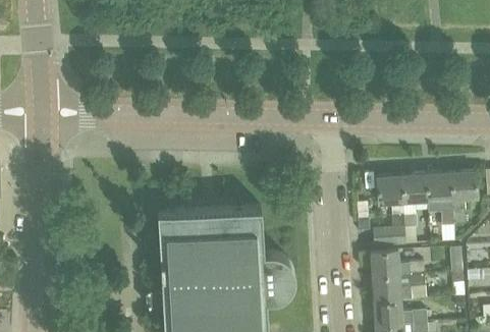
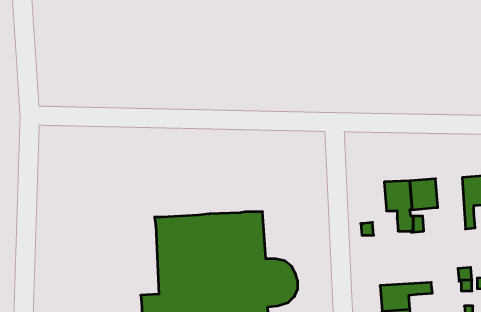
building: [427,174,455,223] -> none
building: [371,225,404,244] -> none
building: [373,252,423,277] -> none

